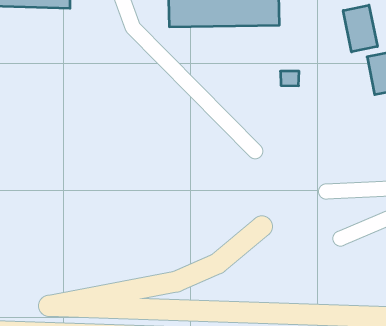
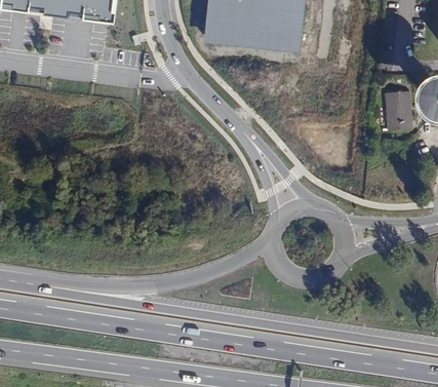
building: [343,5,377,52] -> none

